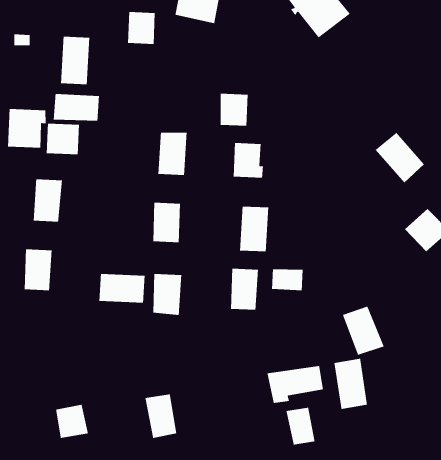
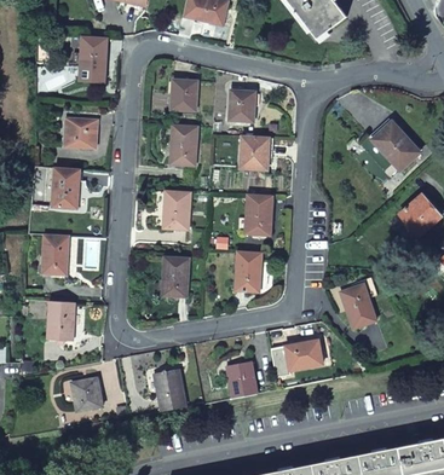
building: [127,11,156,45] -> [169,77,196,109]
building: [53,93,100,121] -> none
building: [7,108,47,148] -> none
building: [271,269,304,291] -> none
building: [99,273,145,304] -> none
building: none -> [50,300,76,341]
building: [333,358,368,410] -> none
building: [285,407,315,446] -> [229,360,256,396]

